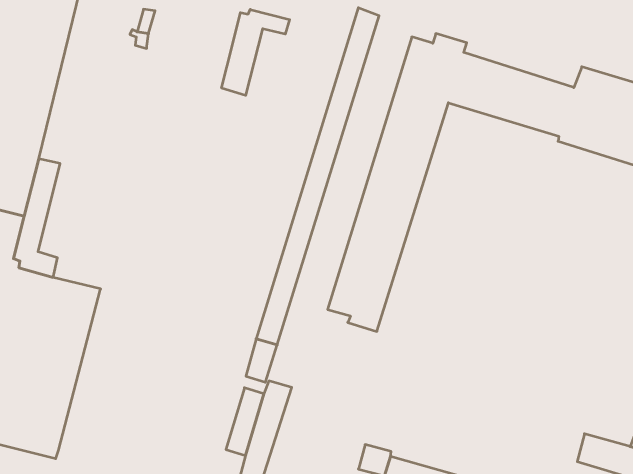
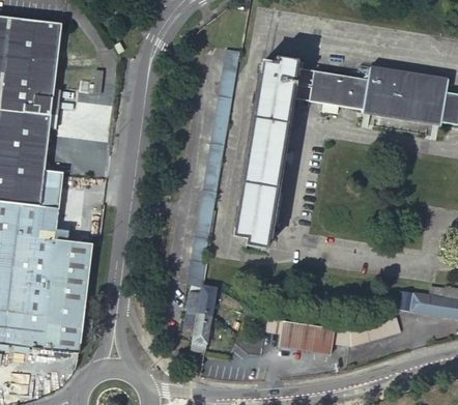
building: [222,9,290,95] -> none

